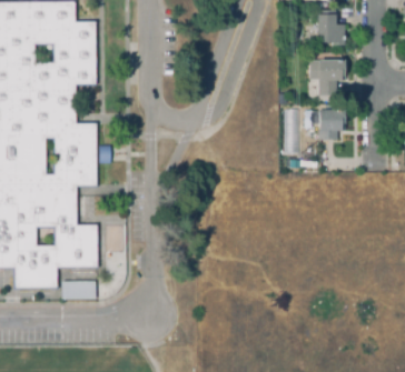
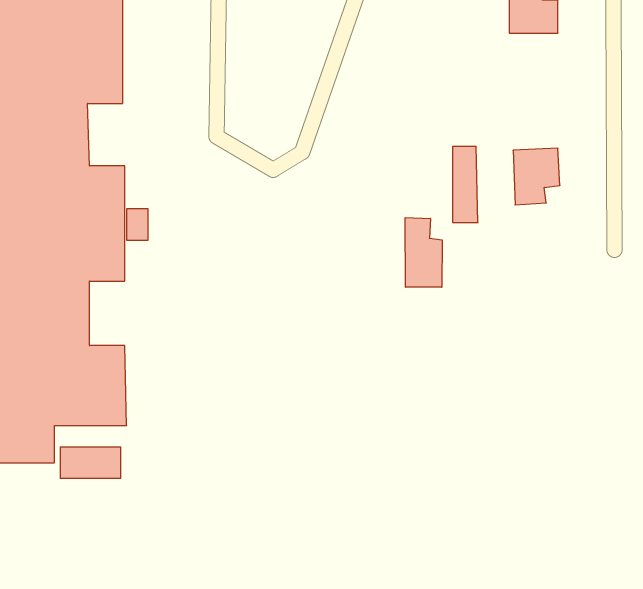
building: [318,62,345,98] -> none
building: none -> [405,218,442,287]

